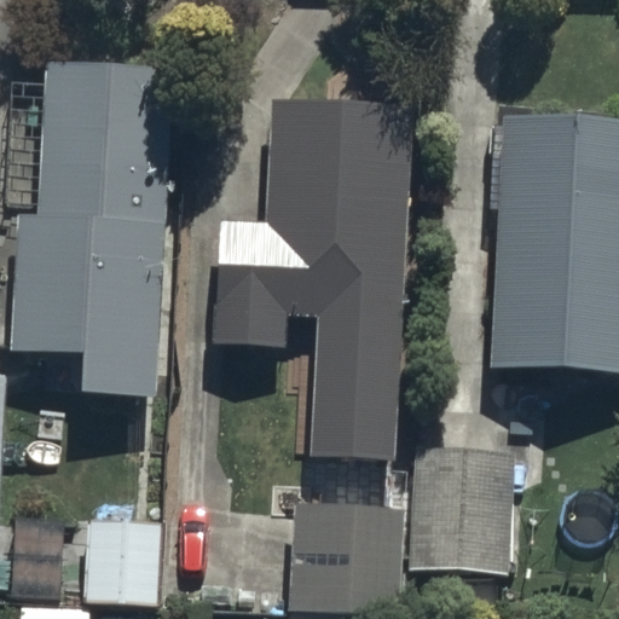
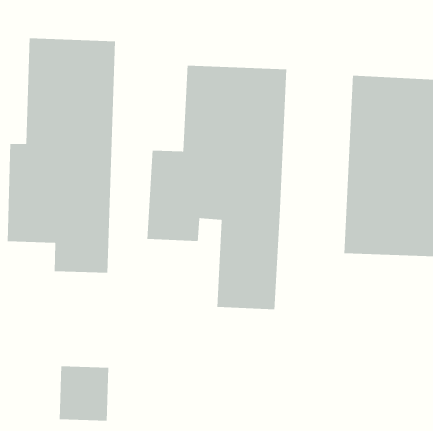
building: [409,447,516,575] -> none
building: [285,504,400,613] -> none

